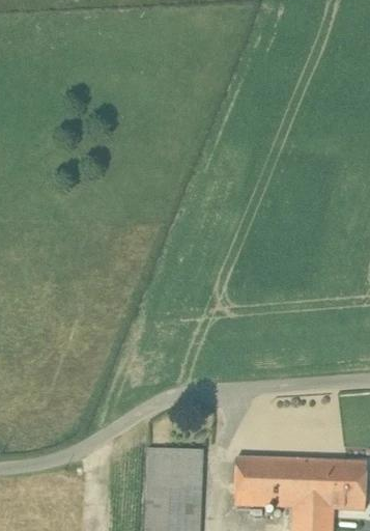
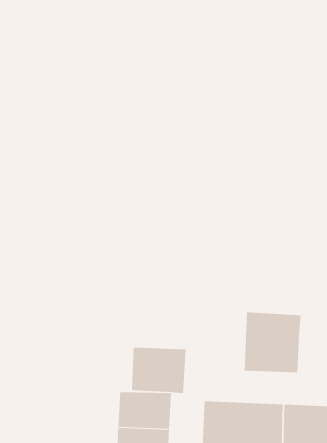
building: none -> [244,311,301,373]
building: none -> [132,347,186,394]

